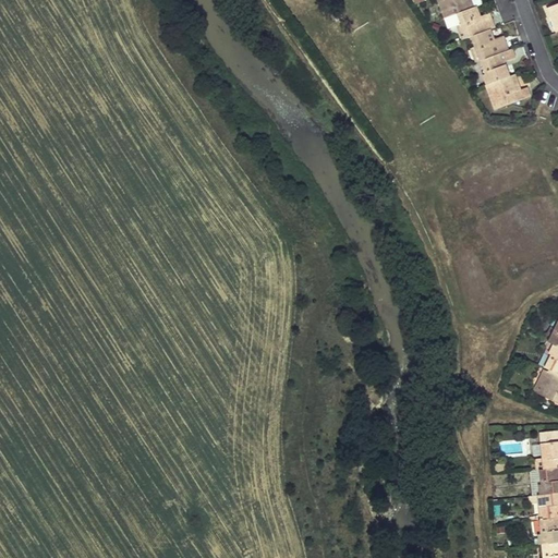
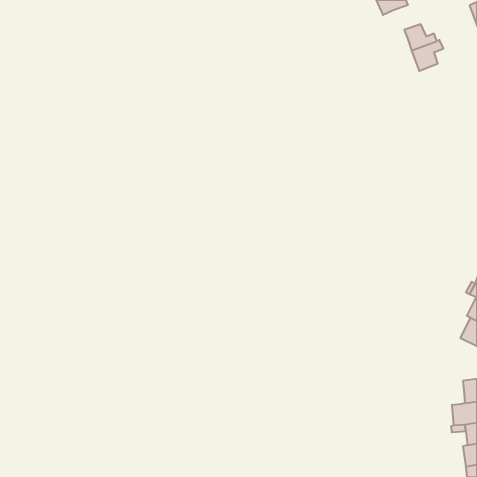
building: [459,4,497,37] -> none
building: [486,73,531,109] -> none

